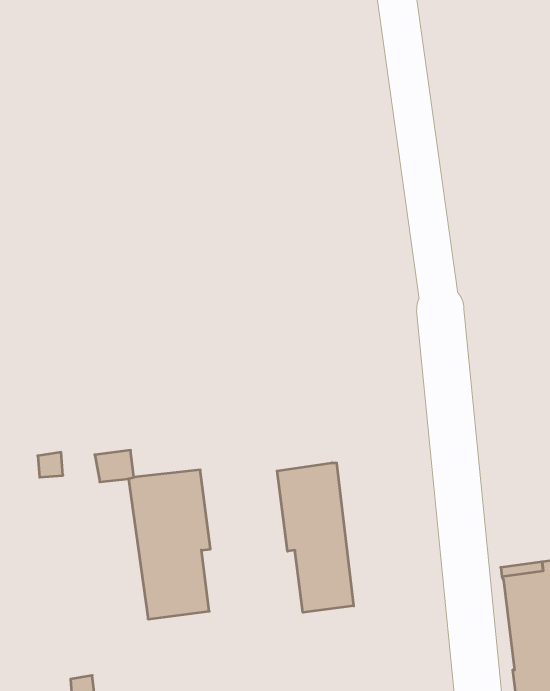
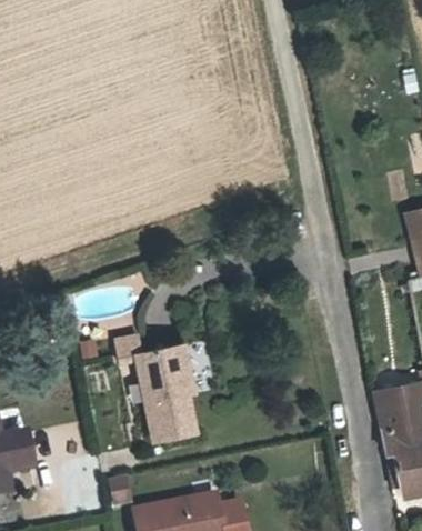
building: [277,463,354,612] -> none

